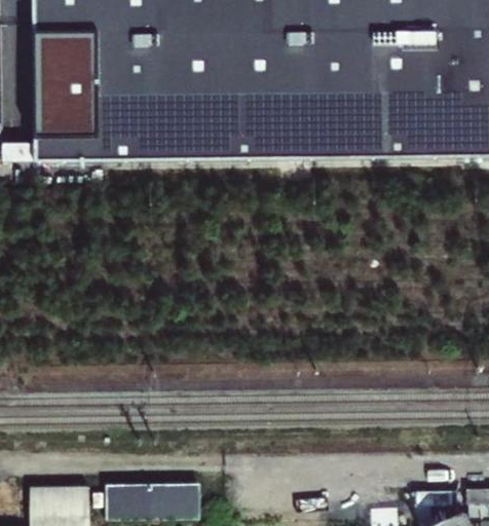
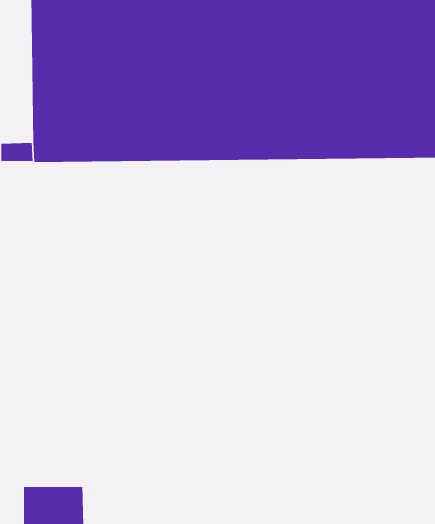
building: [96,483,198,514] -> none

